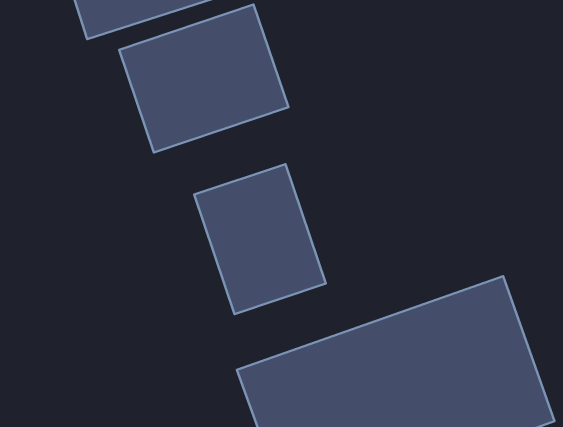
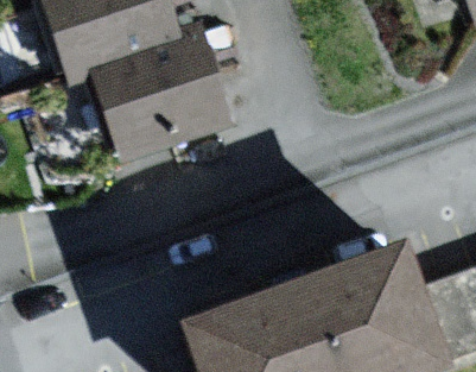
building: [194,164,326,314] -> none

